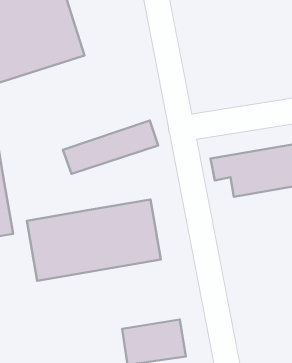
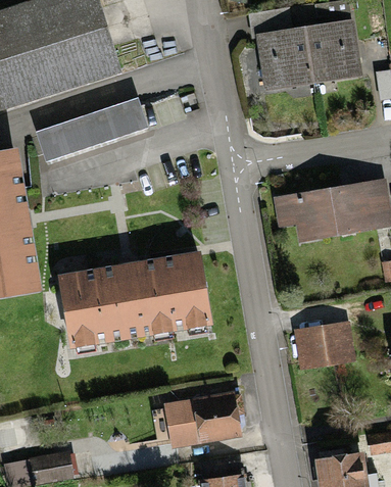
building: none -> [259,19,361,89]
building: [63,121,158,174] -> [39,96,152,159]
building: none -> [294,321,354,371]

